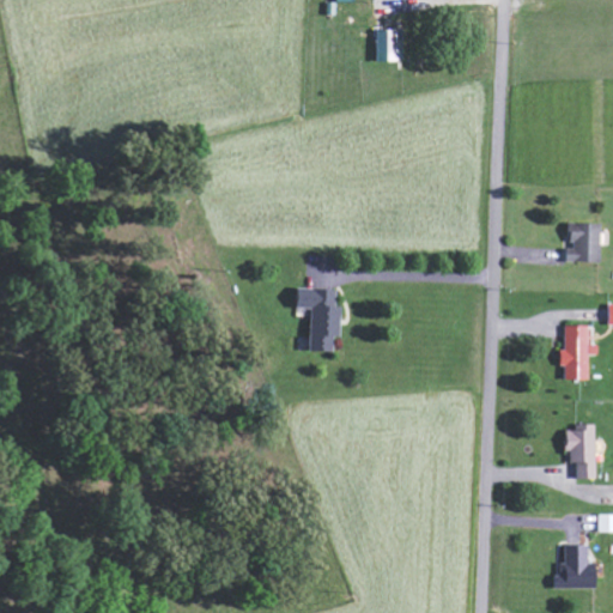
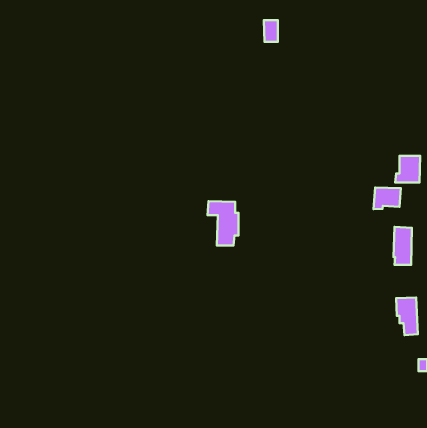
building: none -> [374,187,401,209]
building: [554,545,597,589] -> none

